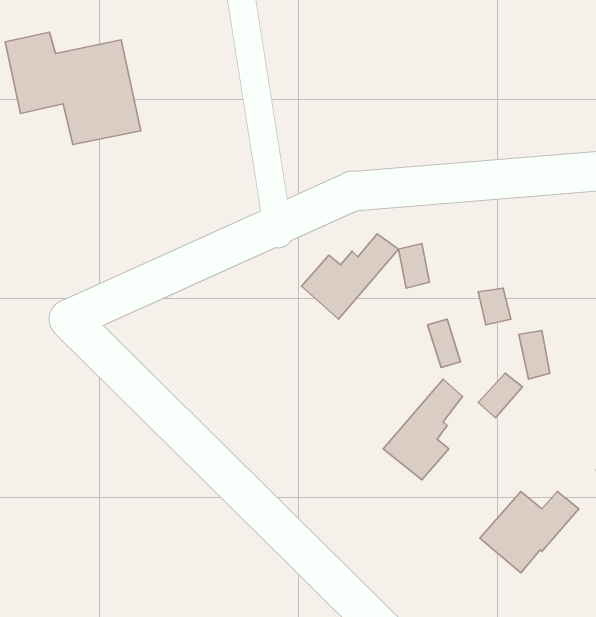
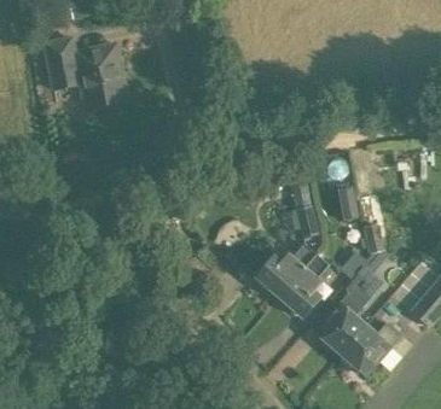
building: [302,234,399,319] -> [256,245,317,298]
building: none -> [317,268,382,354]

